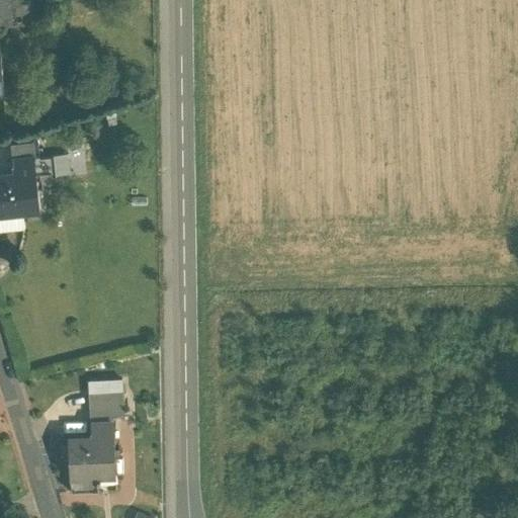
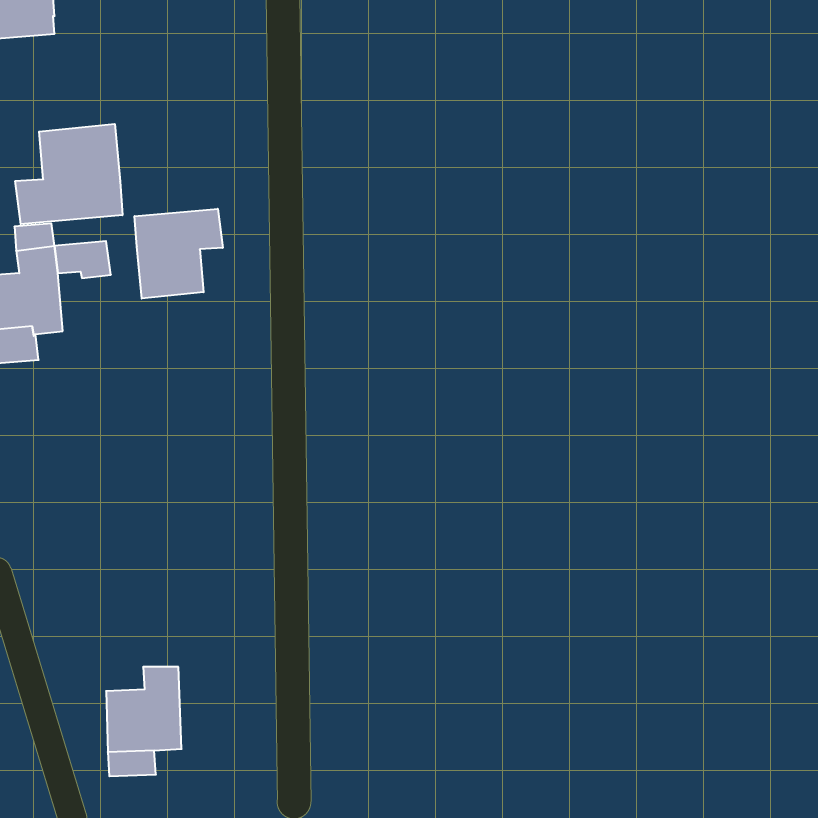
building: none -> [15,124,122,224]
building: none -> [135,209,223,299]
building: [89,387,123,420] -> none

